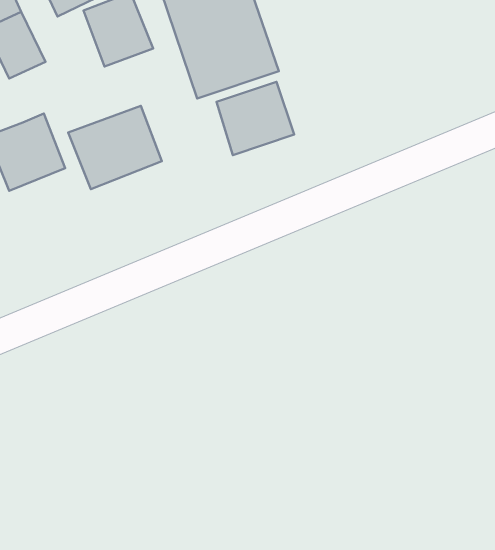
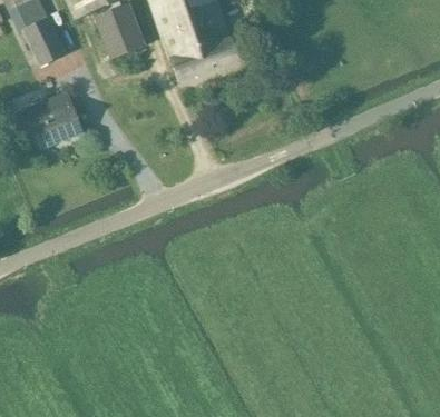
building: [217,82,294,155] -> none
building: [68,106,162,189] -> none

